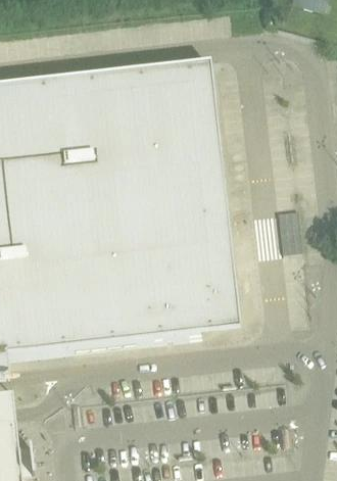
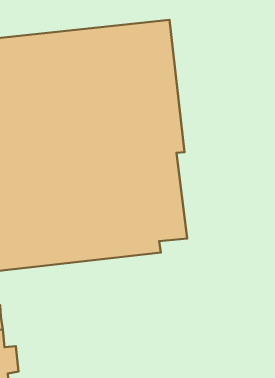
building: [198,215,240,333] -> none

